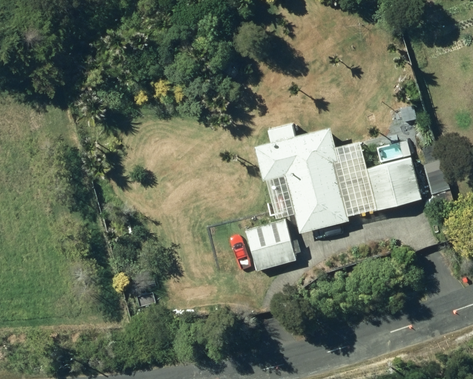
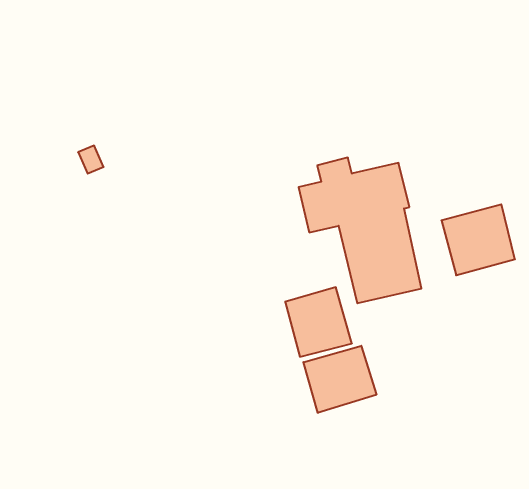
building: none -> [303,346,376,413]

